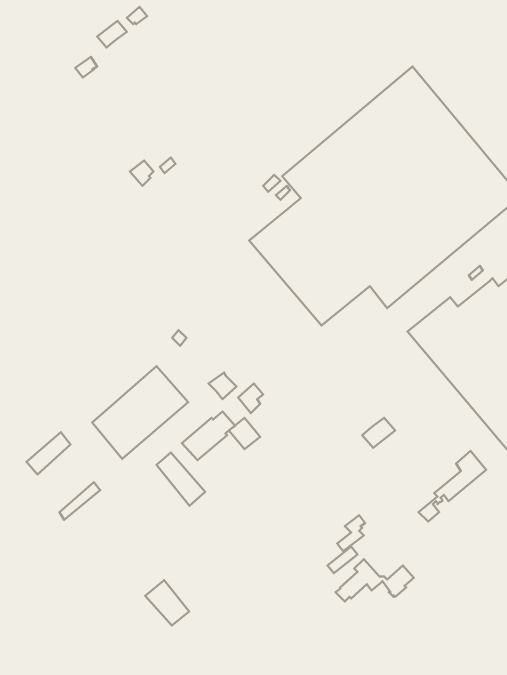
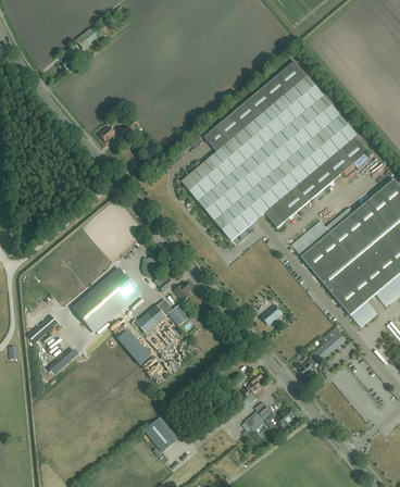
building: [145,580,189,626] -> [143,419,174,450]

